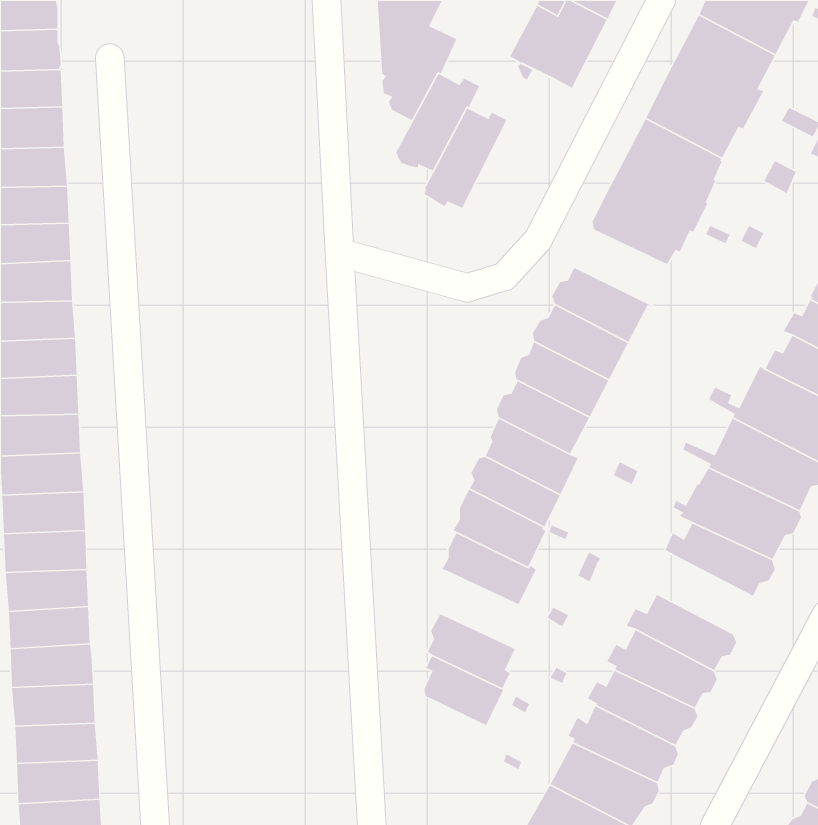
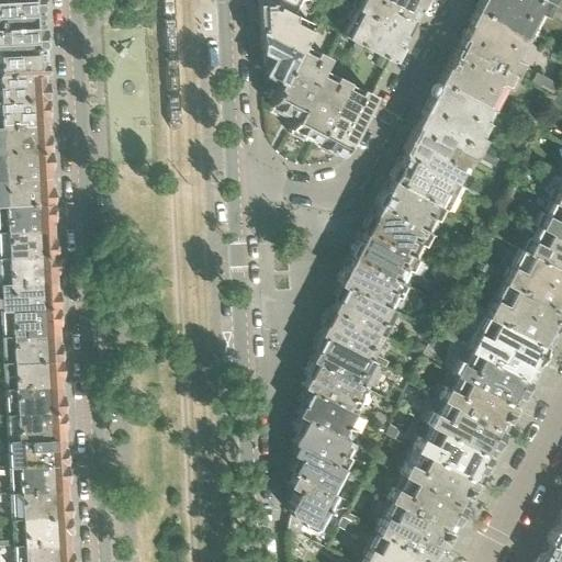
building: none -> [319,82,376,155]
building: none -> [393,157,483,209]
building: none -> [445,379,519,431]
building: none -> [300,389,364,439]
building: none -> [291,475,342,533]

